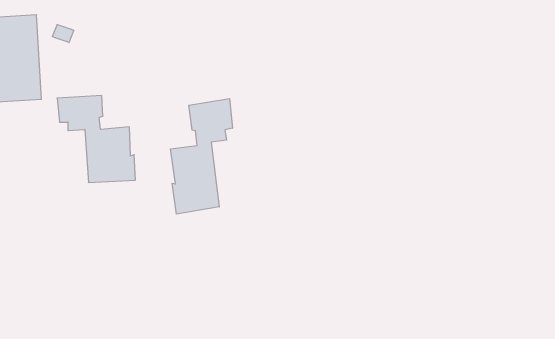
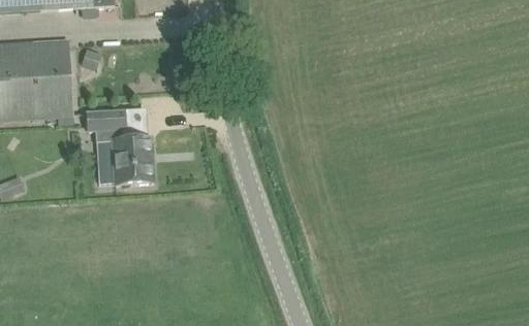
building: [171,99,232,214] -> none

